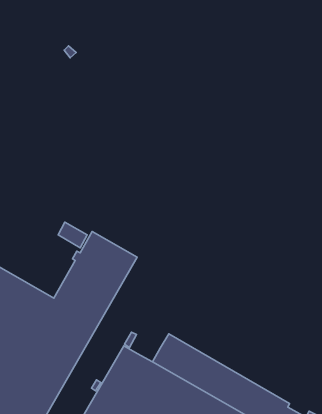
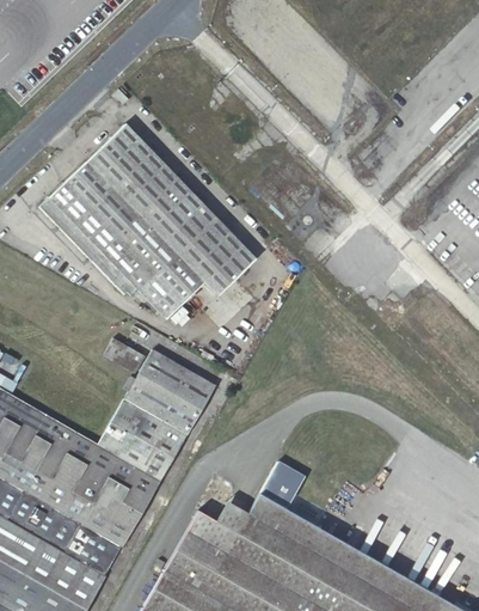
building: none -> [39,126,253,320]
building: none -> [259,463,305,509]
building: none -> [215,502,247,533]

